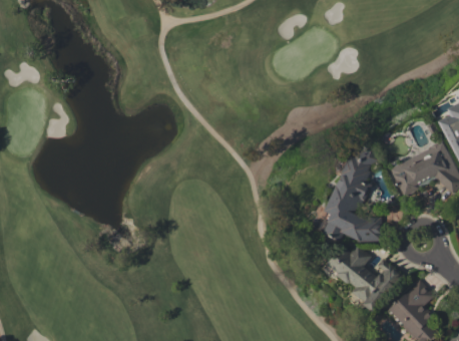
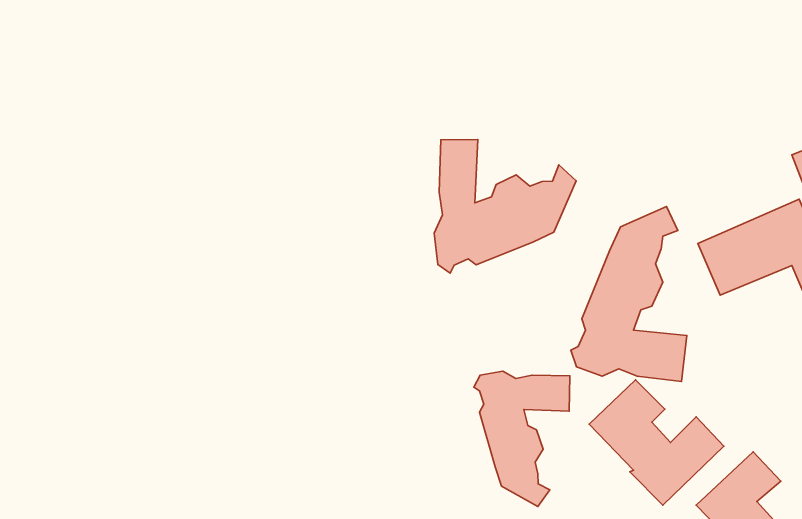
building: none -> [434,140,576,273]
building: none -> [474,371,570,507]

